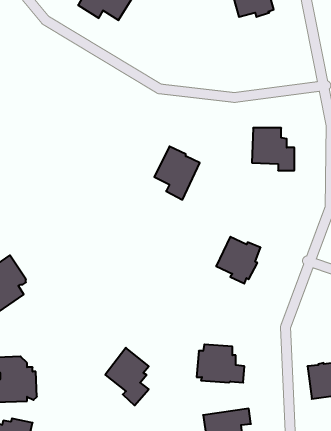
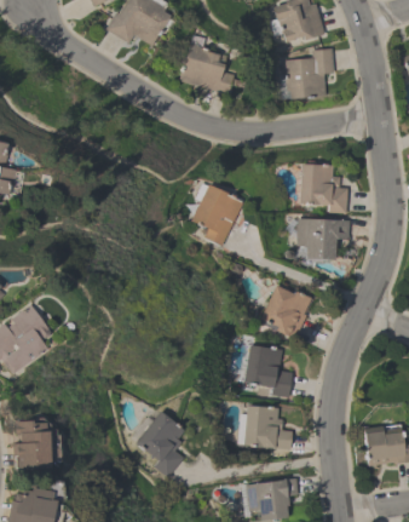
building: none -> [179,42,246,93]
building: none -> [284,47,334,98]
building: none -> [298,218,350,259]
building: none -> [244,345,293,396]

